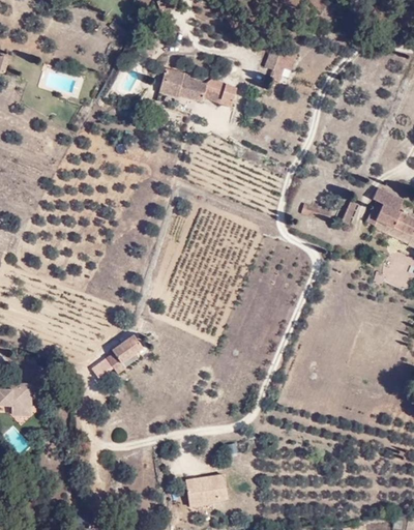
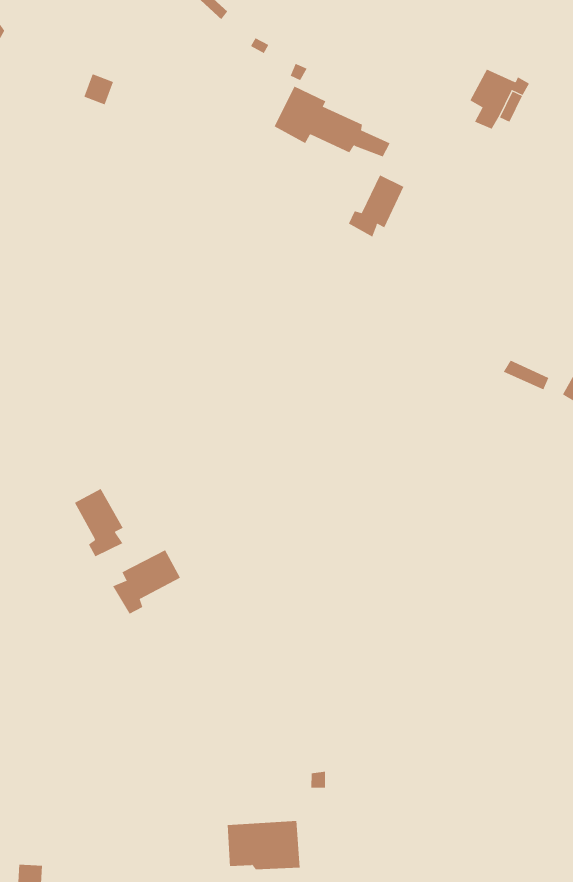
building: none -> [348,174,404,237]
building: none -> [74,488,123,557]

